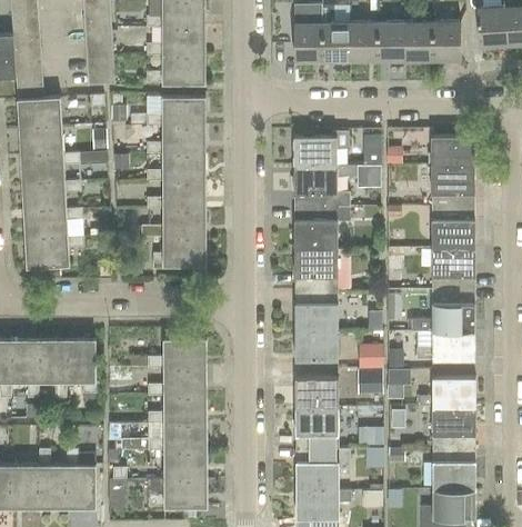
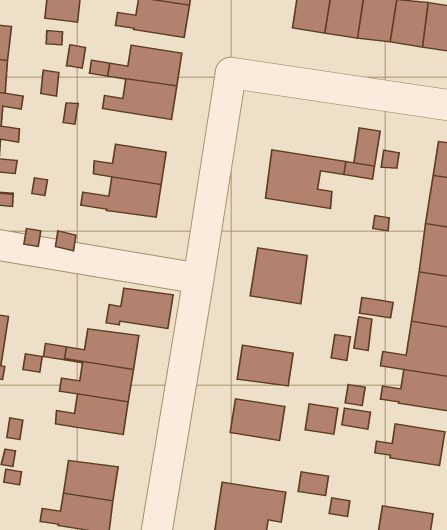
building: [293,131,349,166] -> none
building: [147,153,205,181] -> none
building: [294,207,350,249] -> none
building: [153,237,205,269] -> [106,288,173,329]
building: [294,290,338,332] -> none
building: [358,345,384,369] -> none
building: [295,407,339,449] -> none
building: [432,407,475,448] -> none
building: [149,422,207,451] -> none

